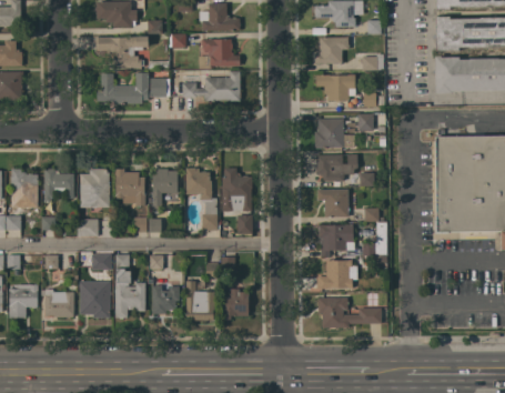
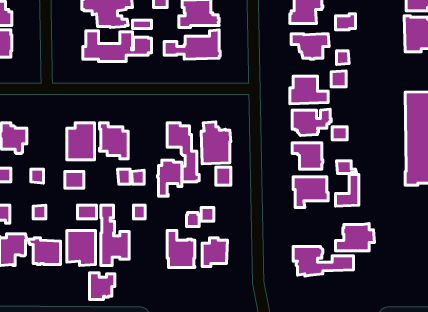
building: [43,168,73,203] -> none
building: [151,168,176,205] -> [158,160,182,196]
building: [316,259,357,288] -> [335,224,375,251]
building: [152,285,179,313] -> [90,273,115,299]

